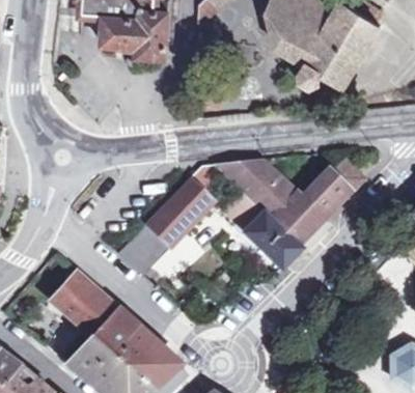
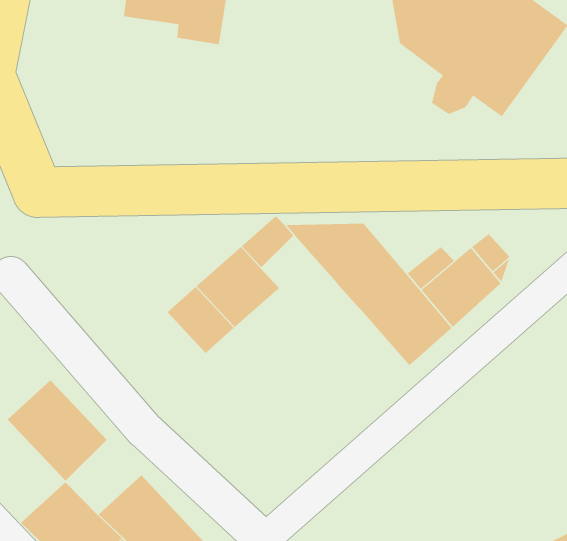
building: [227,195,302,269] -> none
building: [120,226,173,279] -> none
building: [93,308,140,355] -> none

